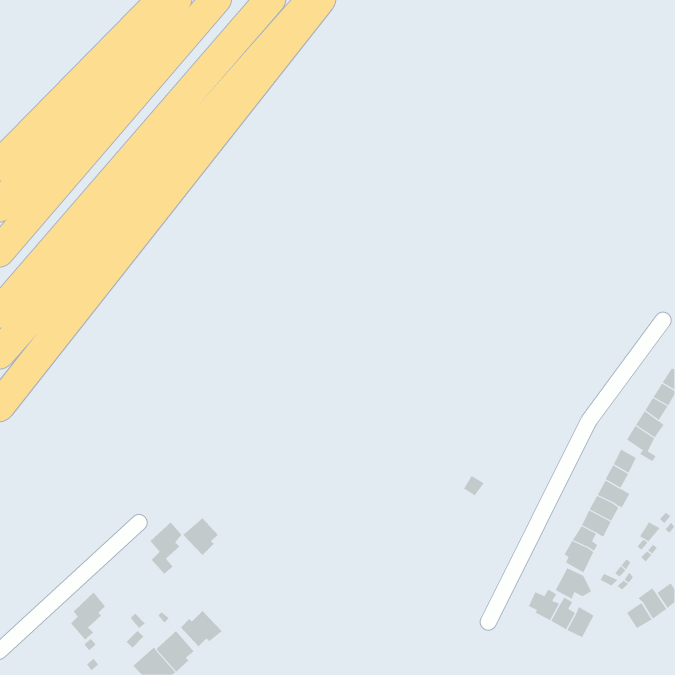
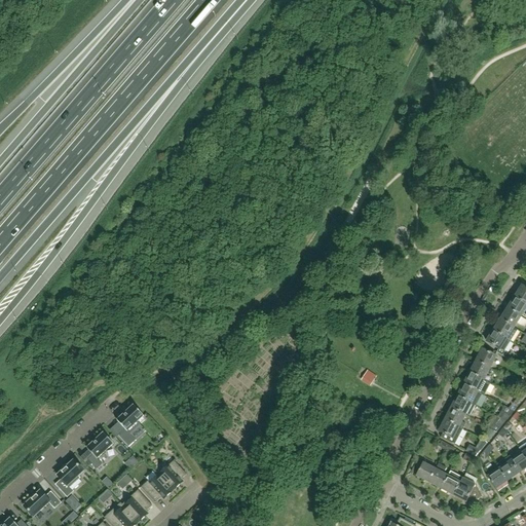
building: [183,518,218,556] -> [157,460,185,490]
building: none -> [85,433,112,468]
building: [555,568,592,599] -> [452,478,481,502]
building: none -> [23,490,61,517]

